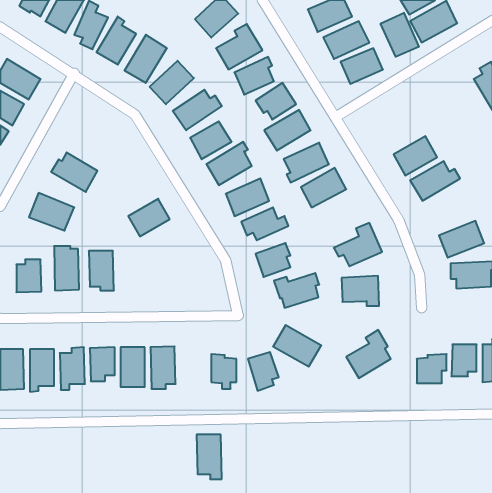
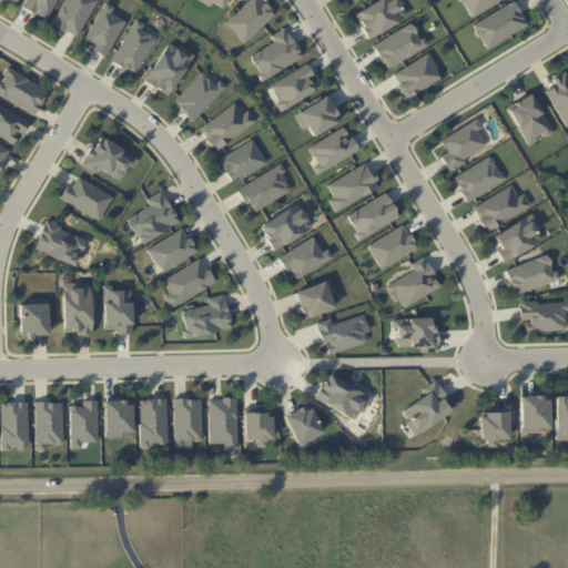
building: [381,13,419,57] -> none
building: none -> [507,93,552,144]
building: none -> [440,119,486,169]
building: none -> [82,135,138,180]
building: none -> [128,191,179,242]
building: none -> [494,214,545,262]
building: none -> [368,225,417,267]
building: none -> [162,257,215,308]
building: none -> [181,294,232,338]
building: [197,435,222,479] -> [209,398,237,449]

